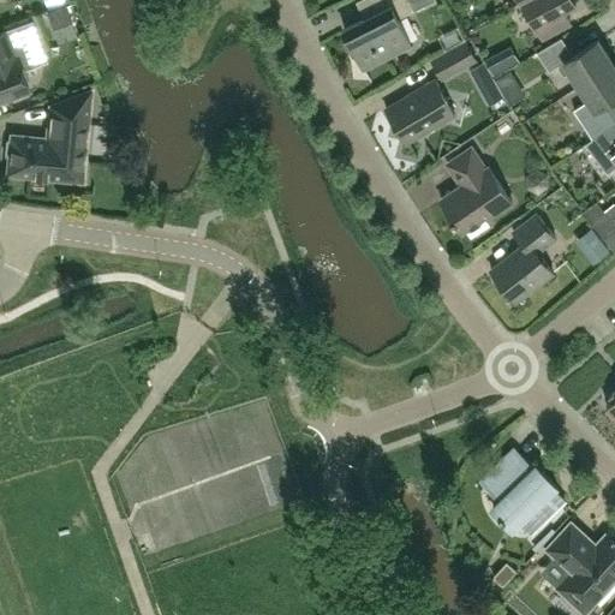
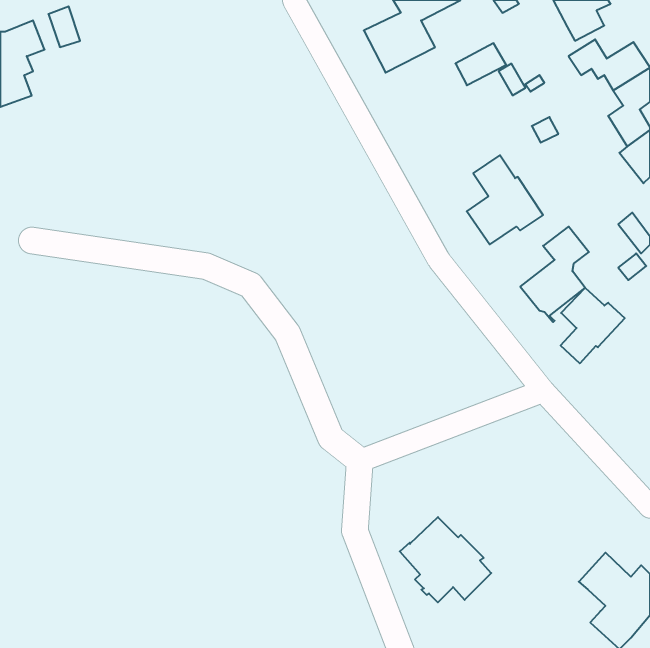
building: [386,83,455,145] -> none
building: [5,91,91,184] -> none
building: none -> [561,288,625,363]
building: [478,450,565,531] -> [400,517,491,602]

